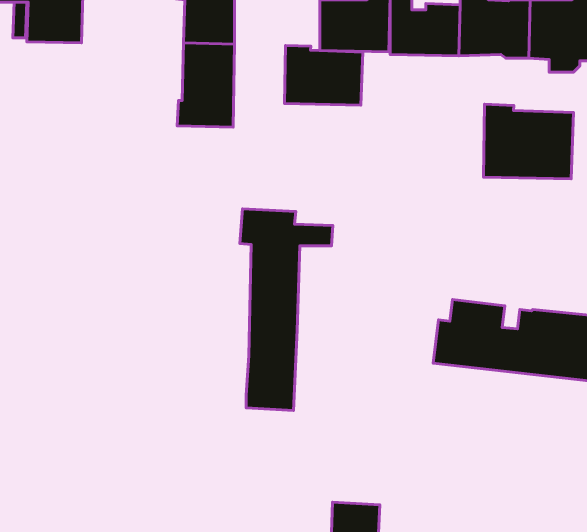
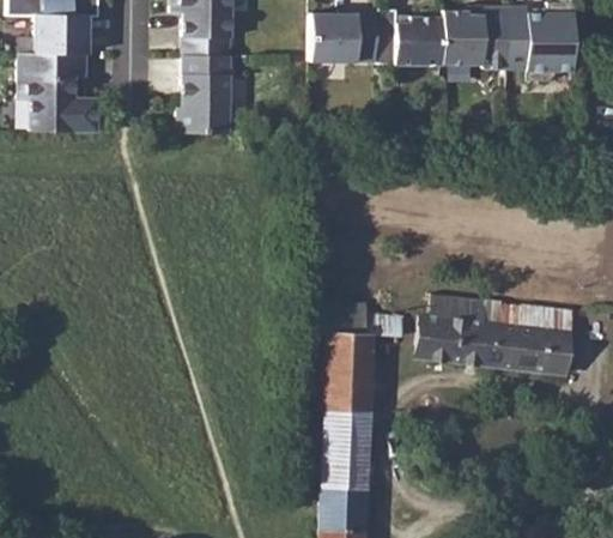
building: none -> [19,53,99,132]
building: [285,45,363,105] -> none
building: [483,104,574,179] -> none
building: [240,209,333,411] -> [317,298,405,488]

